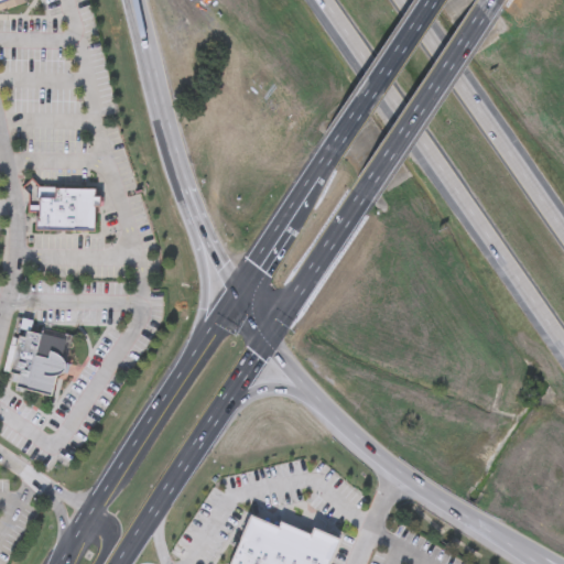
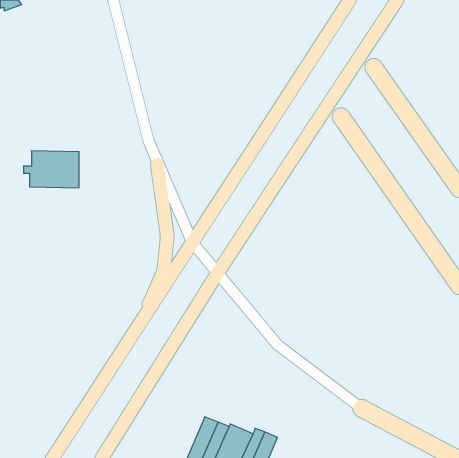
building: [4,318,74,398] -> none

